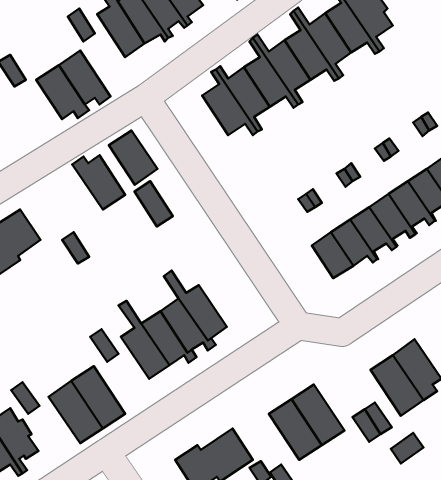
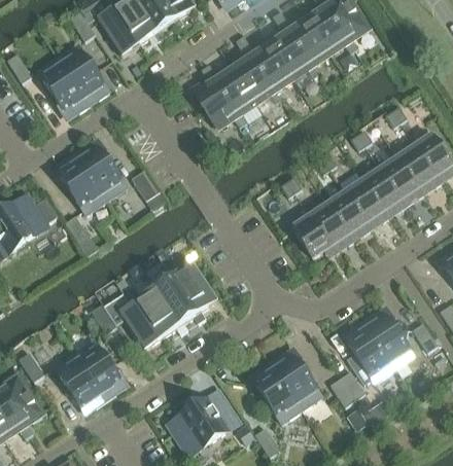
building: [109,131,157,185] -> [58,159,102,209]

